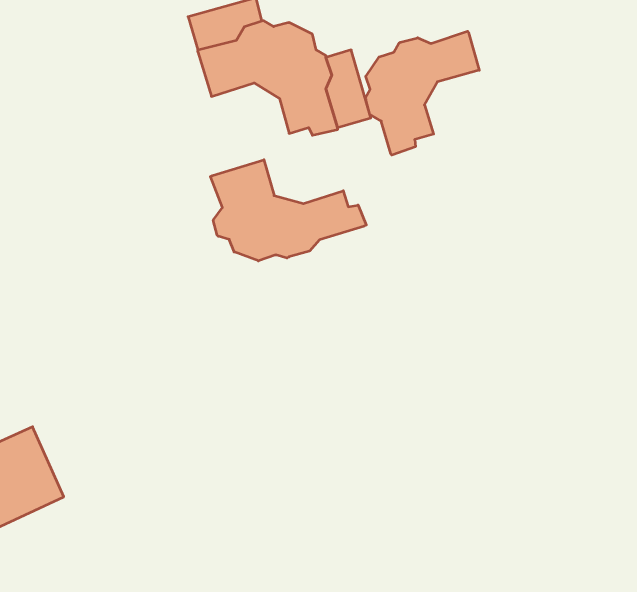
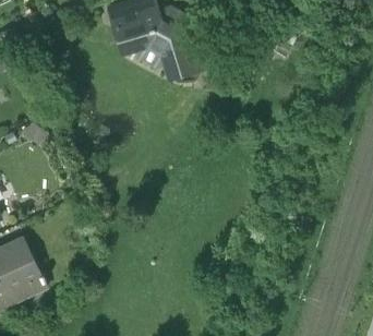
building: [365,31,479,155] -> none
building: [210,160,366,261] -> none

